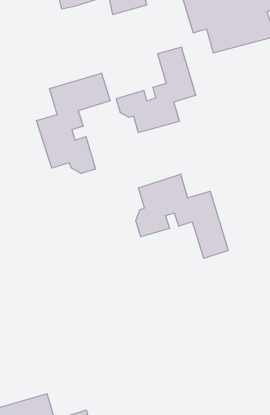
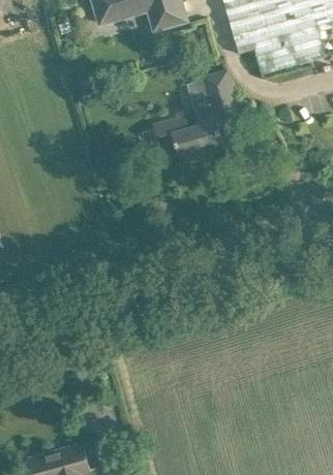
building: [37,73,110,174] -> none
building: [136,174,228,258] -> none

